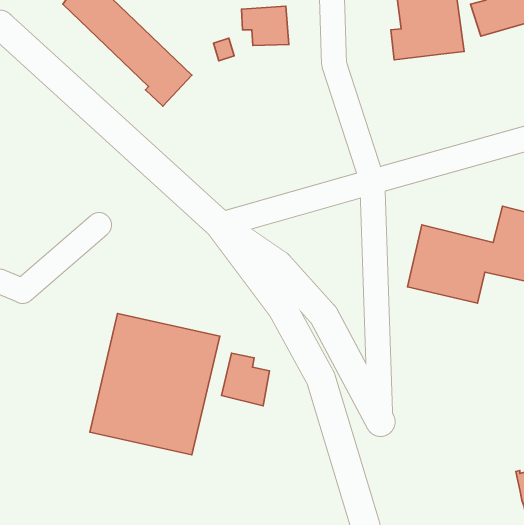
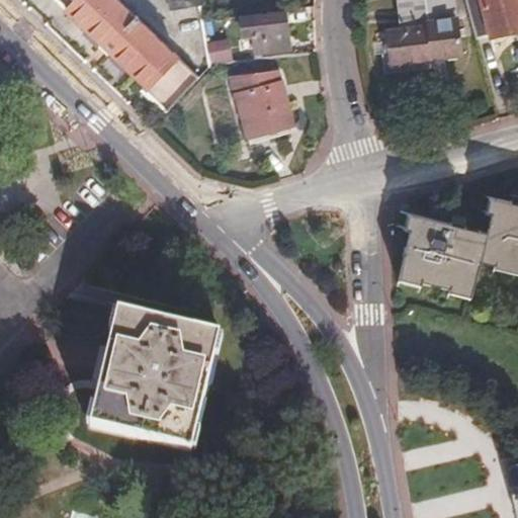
building: none -> [231,67,289,133]
building: [221,353,270,406] -> none

